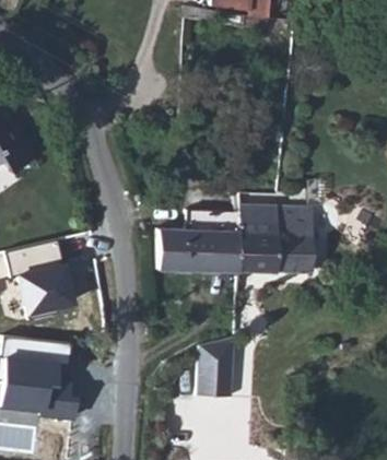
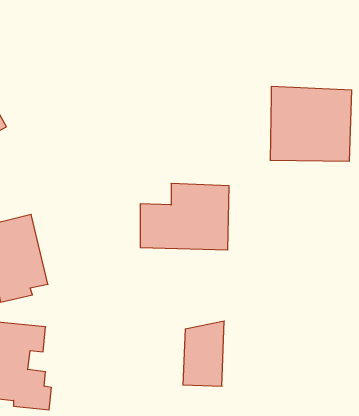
building: [238,204,314,273] -> [270,87,352,161]

